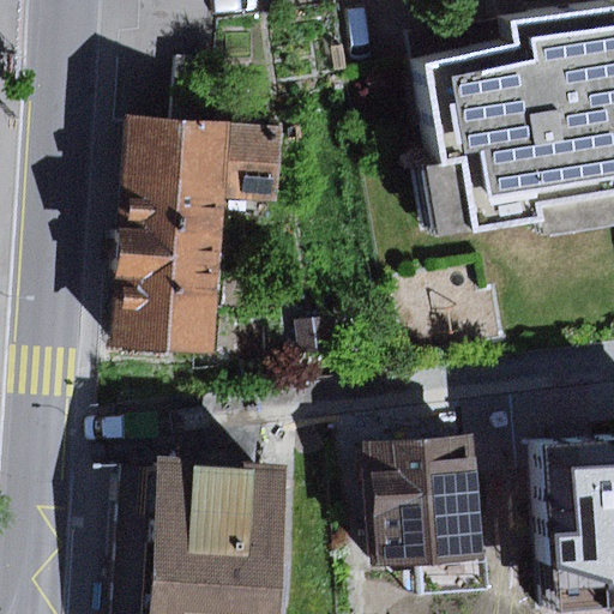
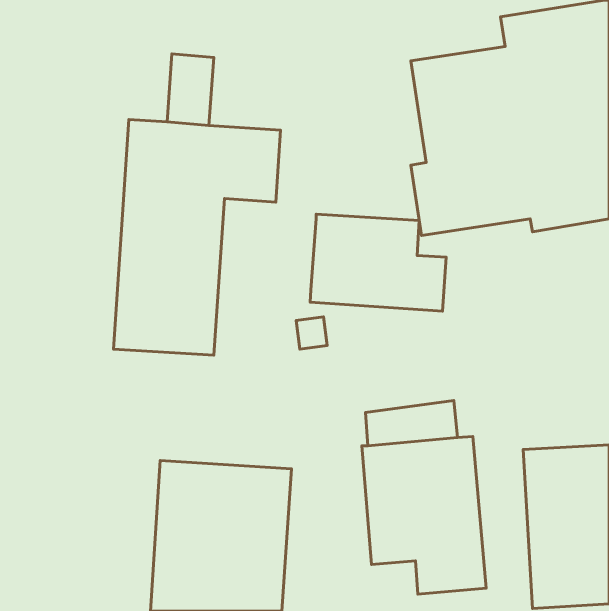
building: none -> [310,214,446,311]

